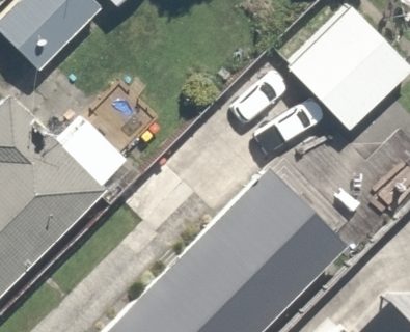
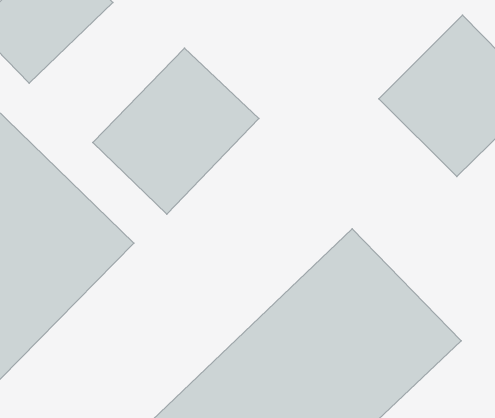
building: none -> [93,48,259,214]

